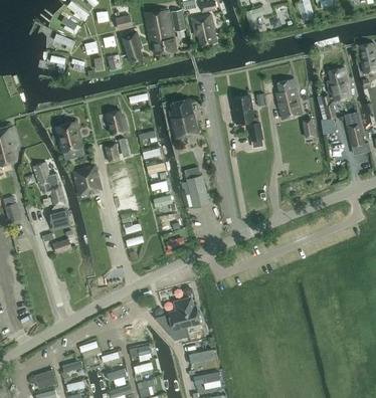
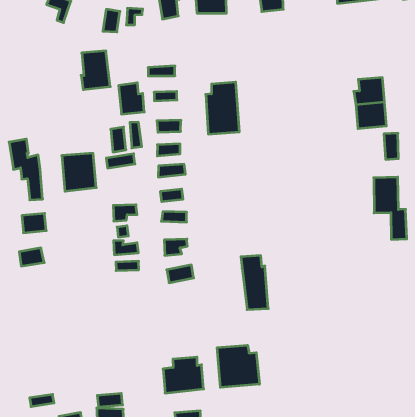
building: [232,95,262,141] -> [374,177,407,239]
building: [58,122,82,152] -> [81,51,110,90]
building: [184,167,209,207] -> [241,256,268,310]
building: none -> [217,345,259,387]

